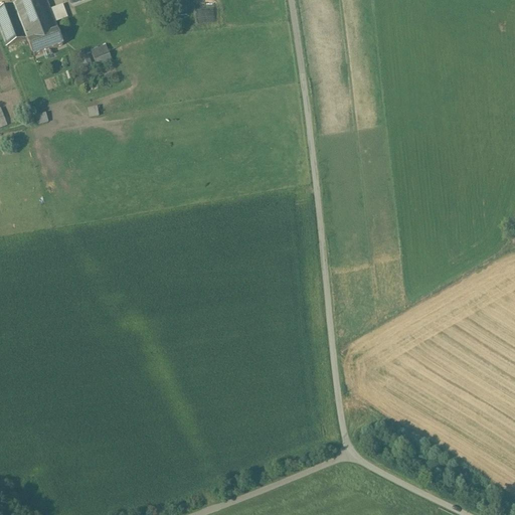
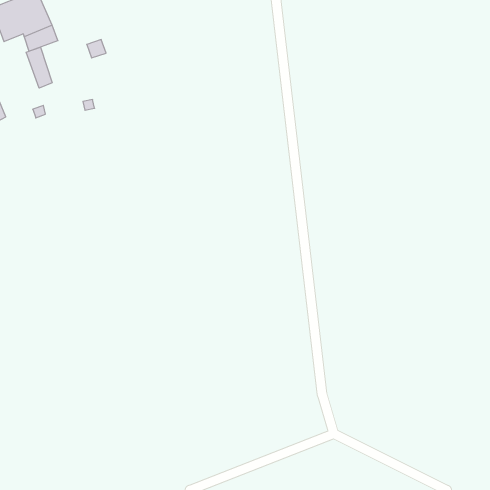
building: none -> [26,47,52,88]

